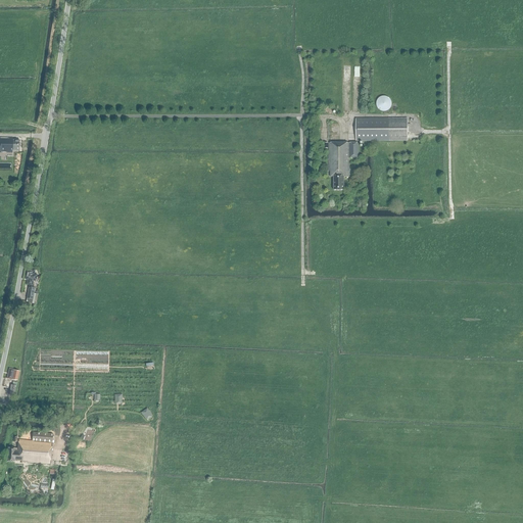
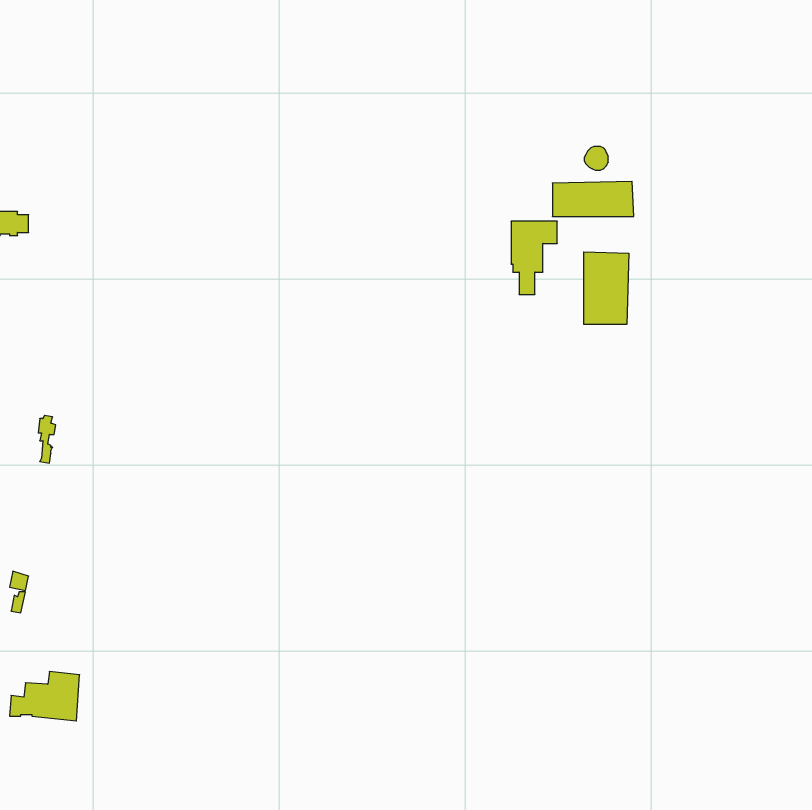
building: none -> [584,252,629,324]

